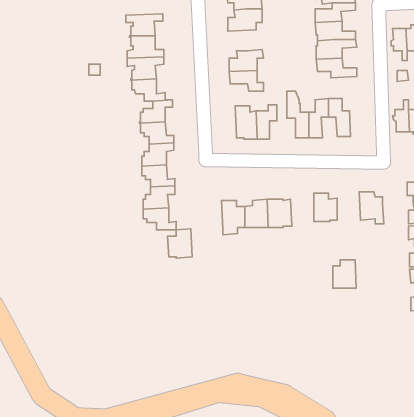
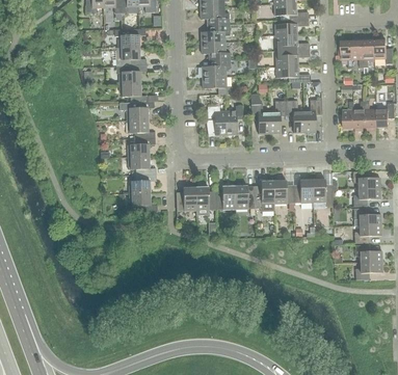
building: none -> [201,42,230,59]
building: none -> [303,99,321,132]
building: none -> [254,180,274,211]
building: [168,229,192,258] -> [176,186,196,211]
building: [333,260,356,288] -> [293,179,313,203]

